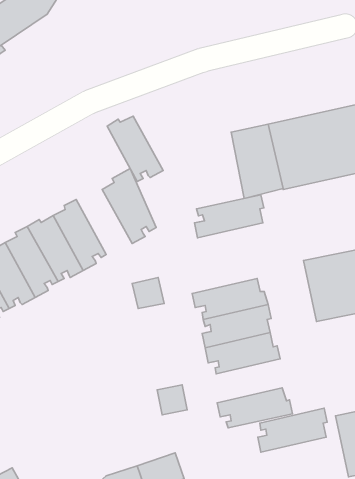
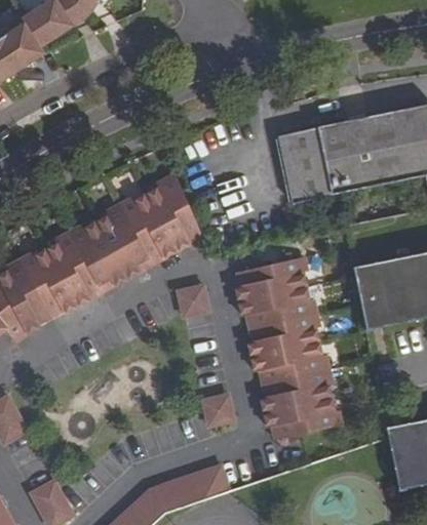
building: [107,116,163,181] -> [119,195,177,261]
building: [195,195,264,238] -> [235,257,306,301]
building: [258,408,327,452] -> [261,368,332,413]

